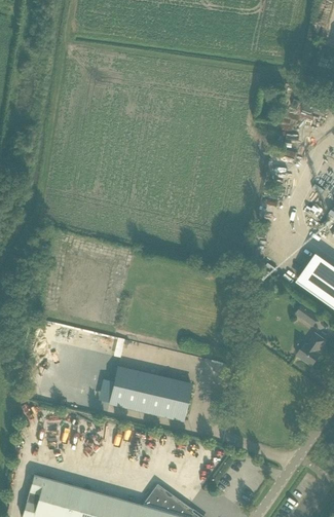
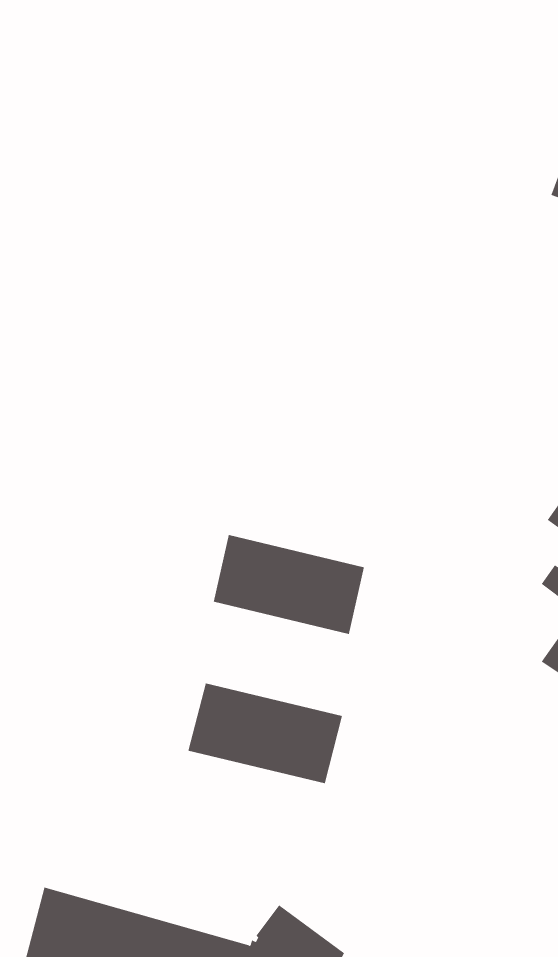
building: none -> [213,534,364,635]

